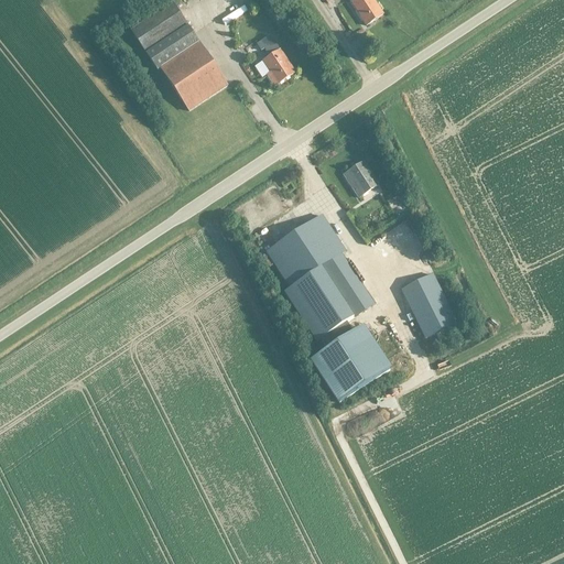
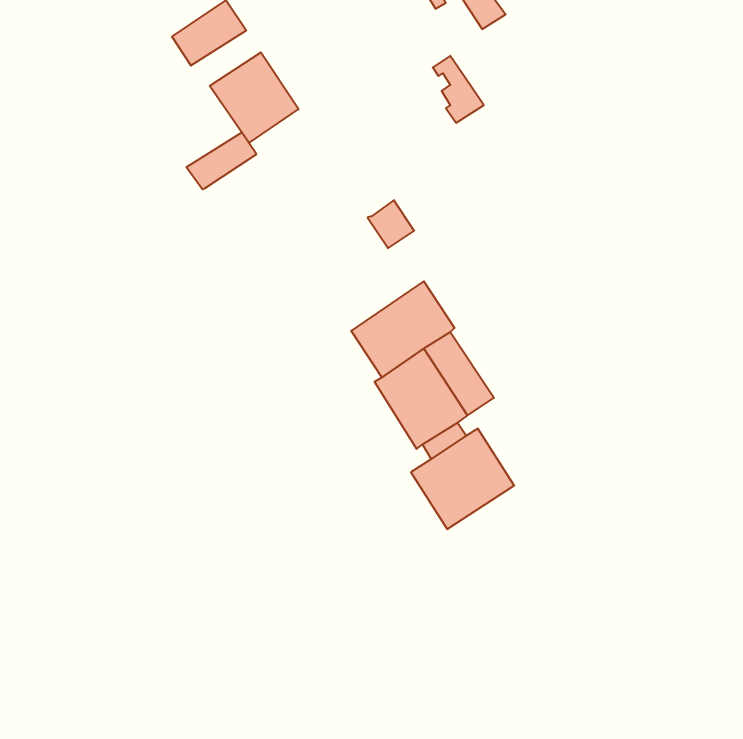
building: [144,23,197,66] -> [186,132,256,189]
building: [256,32,294,83] -> [433,56,484,123]
building: [343,159,378,195] -> [368,200,414,248]
building: [400,271,456,336] -> none

